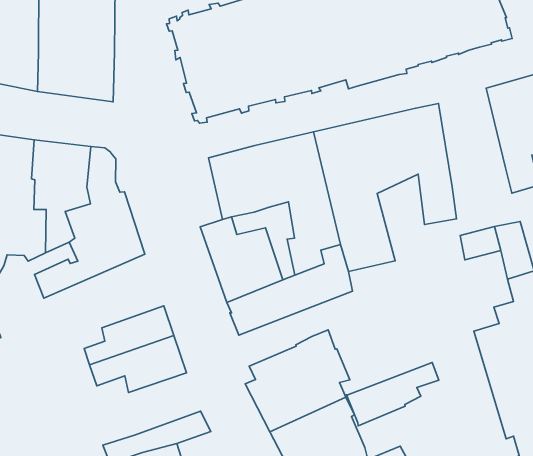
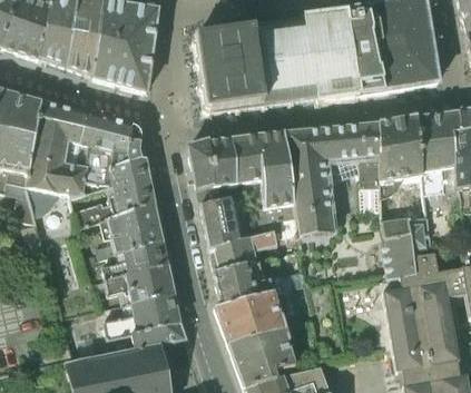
building: none -> [380,115,422,183]
building: none -> [189,139,214,188]
building: none -> [381,233,415,276]
building: none -> [97,203,164,256]
building: [346,362,439,426] -> [214,254,282,293]
building: none -> [105,292,180,336]

